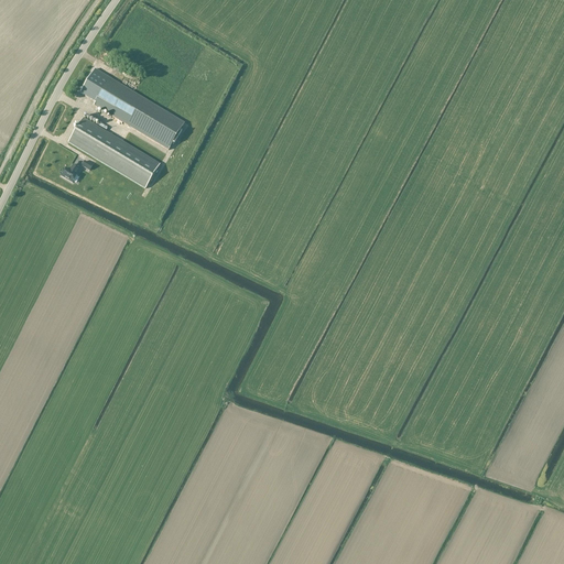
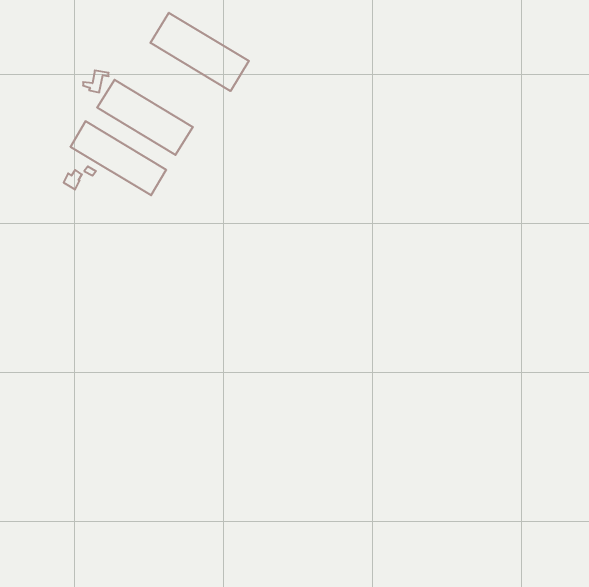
building: none -> [150,13,249,91]

